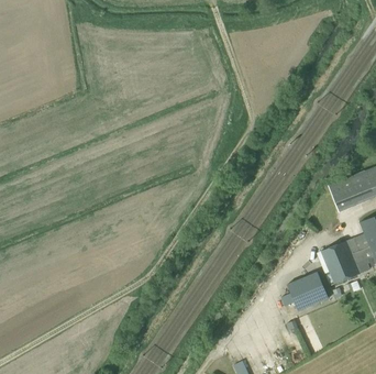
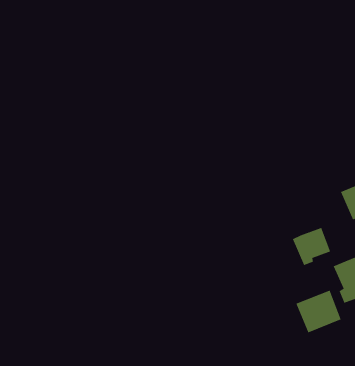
building: none -> [292,227,331,266]

